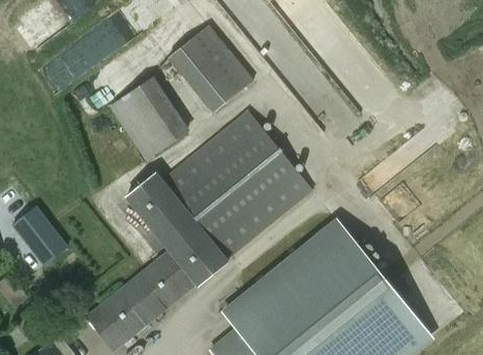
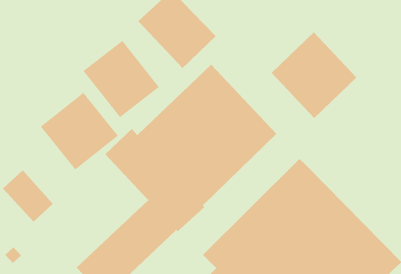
building: none -> [271,31,357,119]
building: none -> [40,92,119,171]

